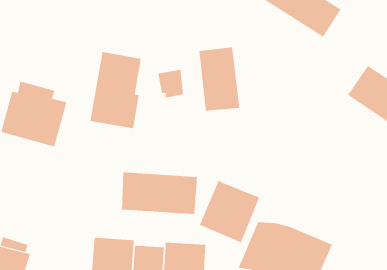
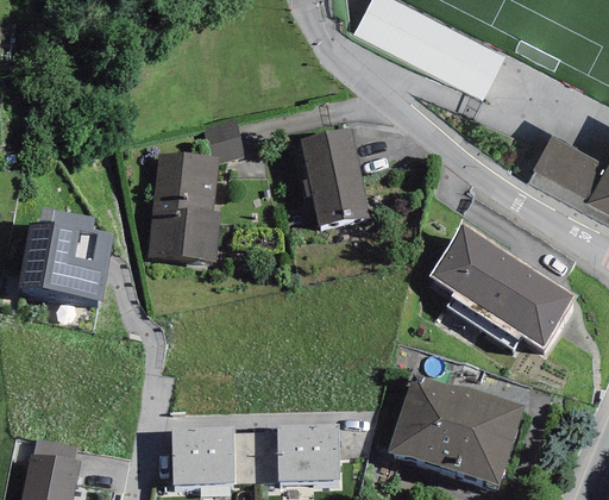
building: [157,69,184,98] -> [202,120,244,165]
building: none -> [428,224,577,351]
building: [121,171,198,215] -> none
building: [199,179,260,243] -> none

